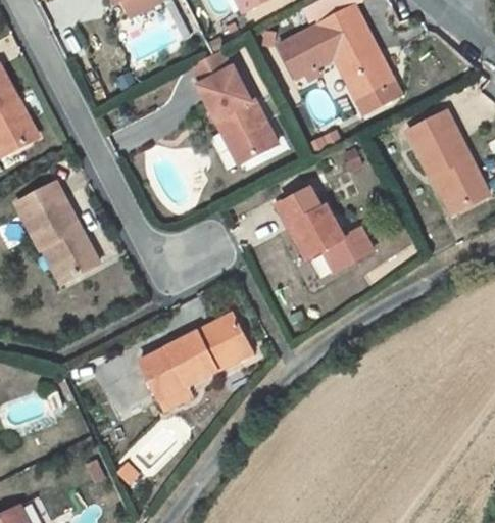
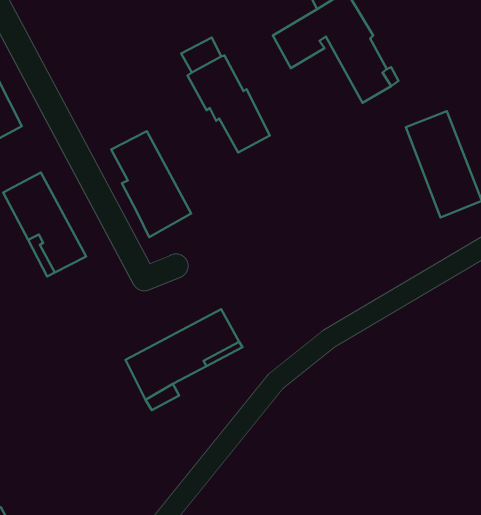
building: none -> [111,131,191,237]
building: [275,185,372,275] -> none

